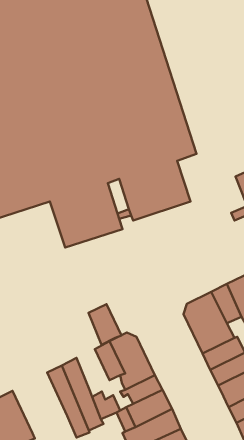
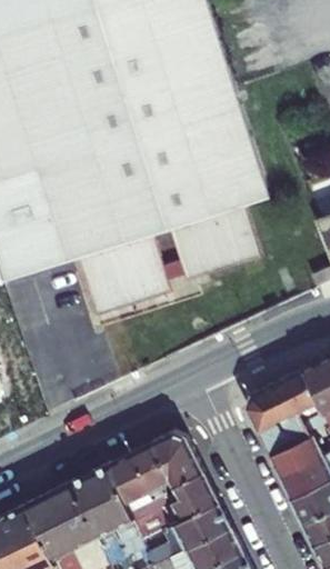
building: [88,304,121,345] -> [114,450,157,502]
building: none -> [32,480,102,558]

